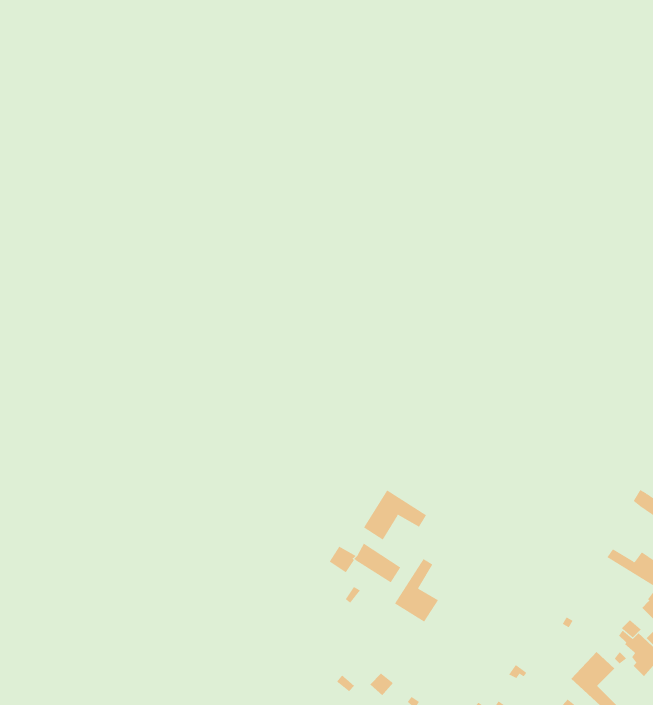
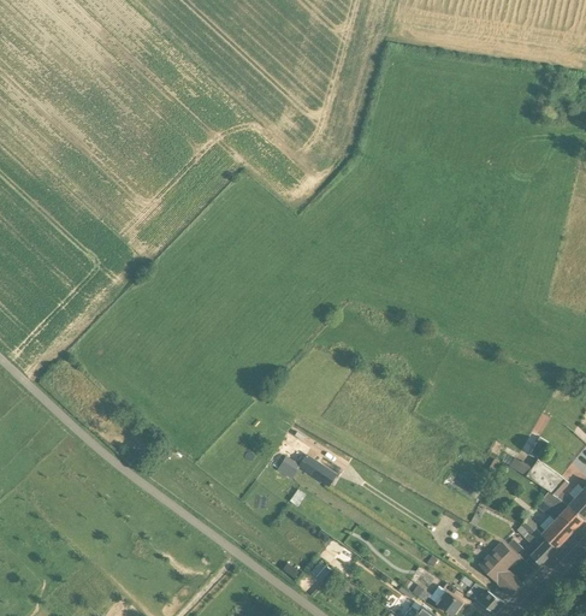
building: [363,490,427,541] -> none
building: [394,558,439,622] -> none

